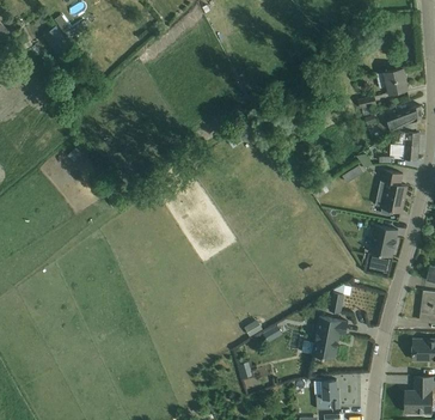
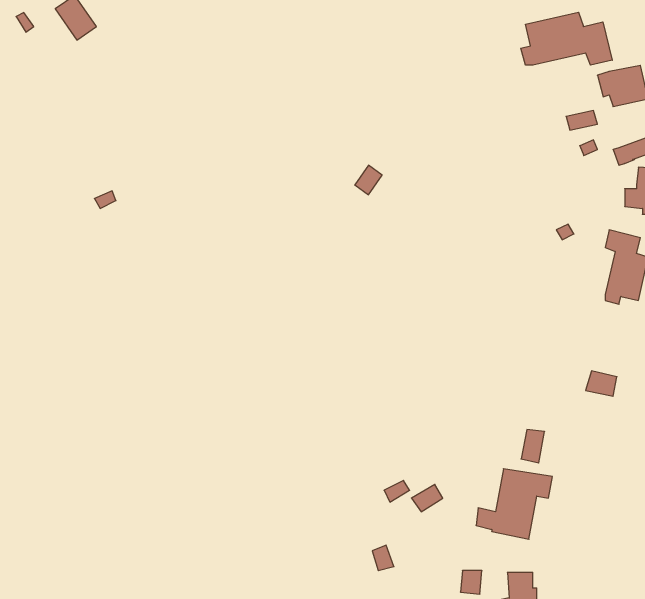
building: none -> [521,12,612,65]
building: [368,224,398,256] -> none

